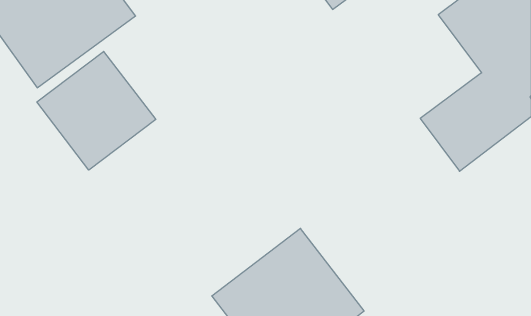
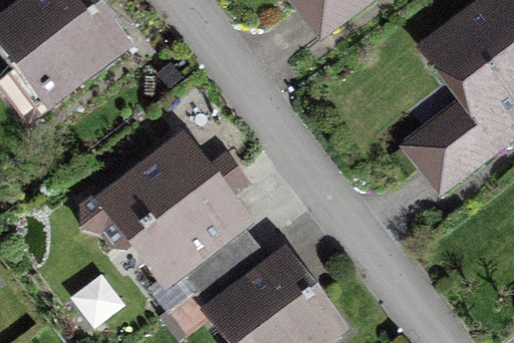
building: [37,51,156,170] -> none
building: none -> [114,151,256,288]

